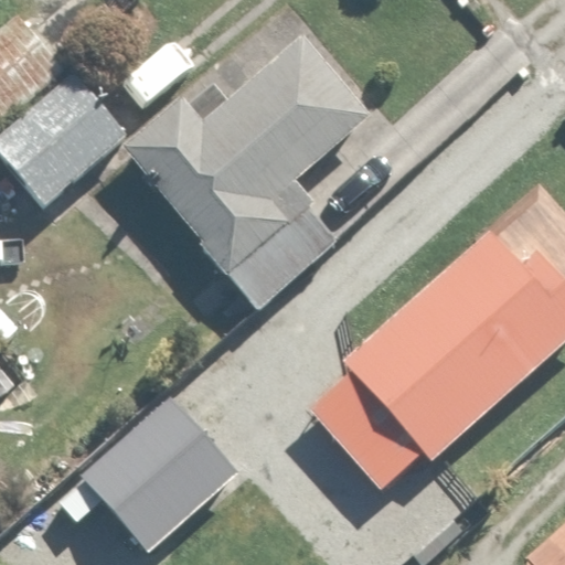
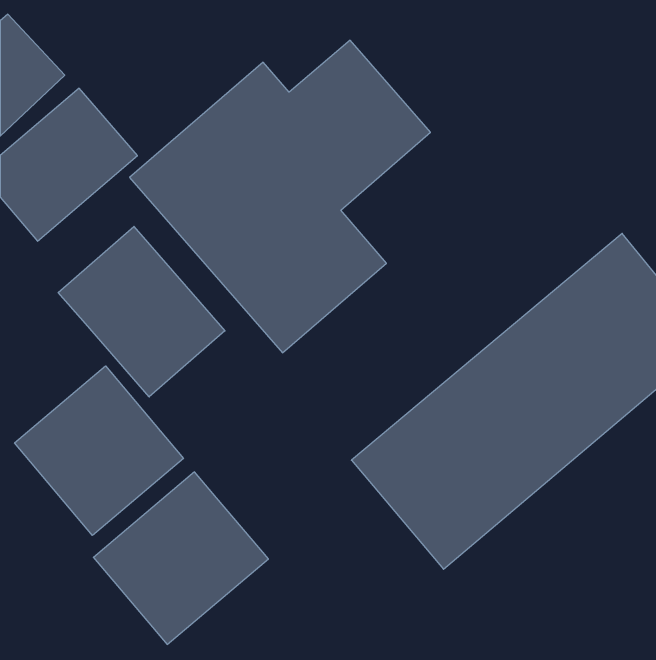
building: none -> [58,226,225,397]
building: none -> [15,366,183,535]

